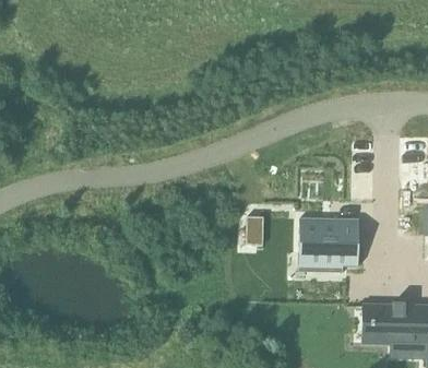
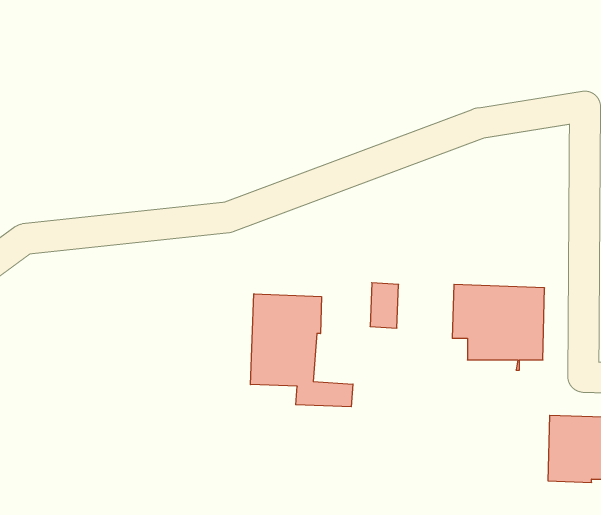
building: none -> [250,294,353,407]

